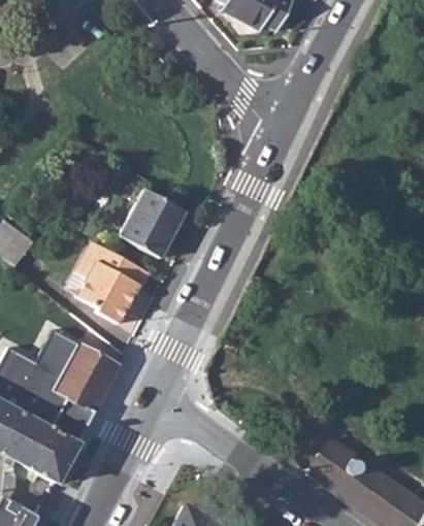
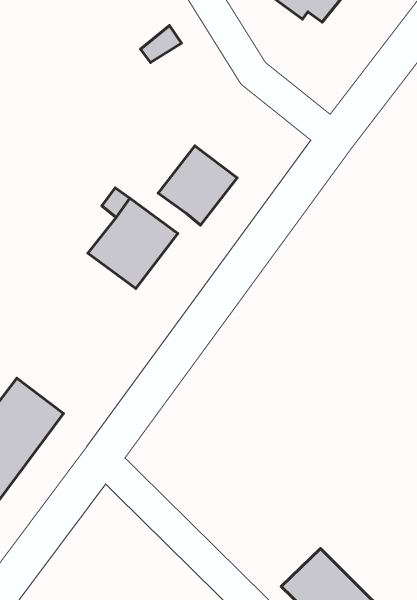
building: none -> [158,146,237,225]
building: [76,239,146,324] -> none

